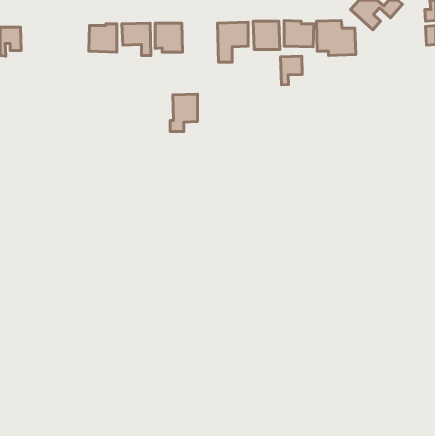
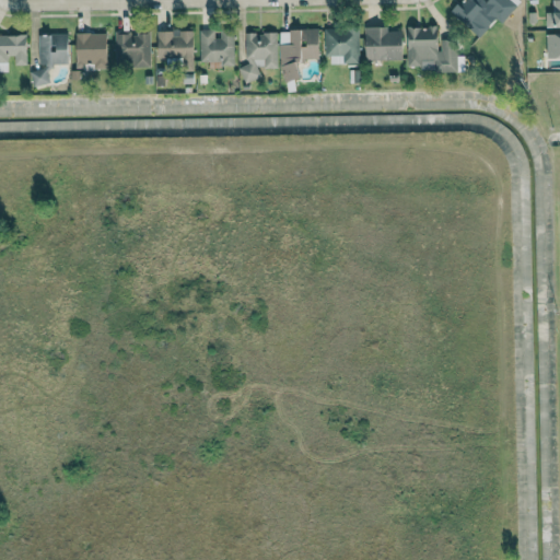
building: none -> [77,32,108,69]
building: none -> [33,34,70,85]
building: [281,56,302,85] -> none
building: [170,94,197,132] -> [243,32,278,80]

